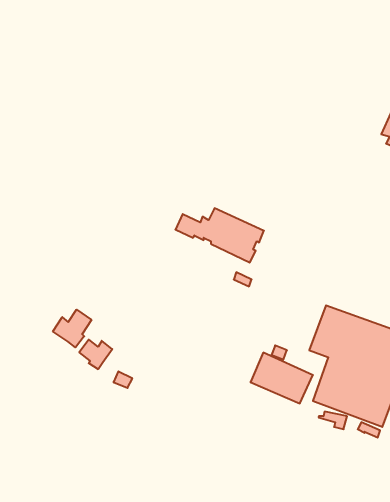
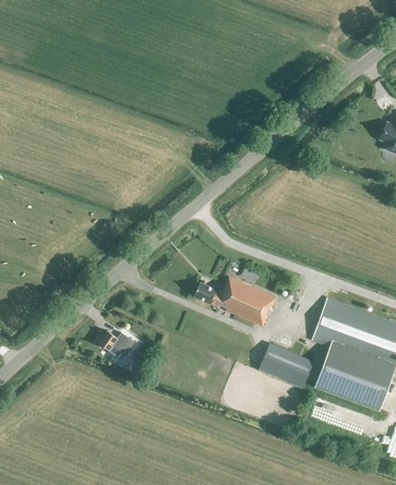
building: [175,208,264,263] -> [194,277,276,327]
building: [53,310,91,347] -> none

